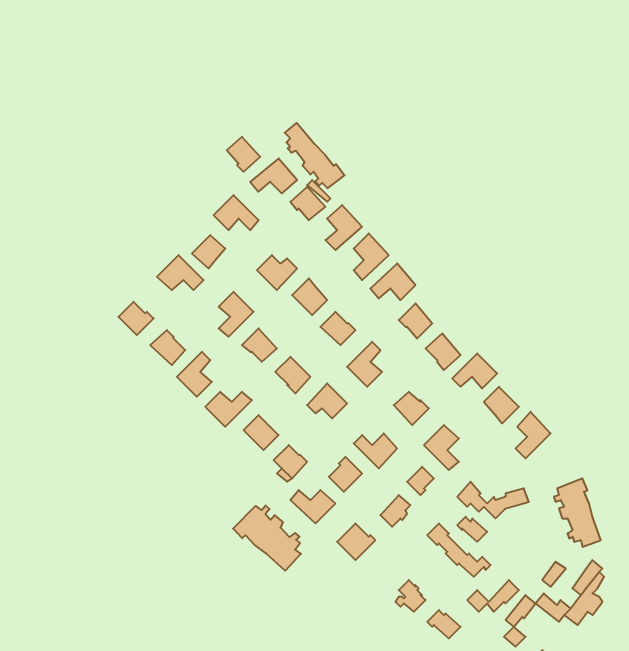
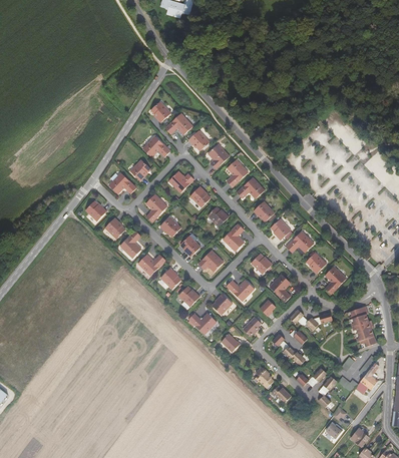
building: [285,123,345,188] -> none
building: [233,505,301,571] -> none

